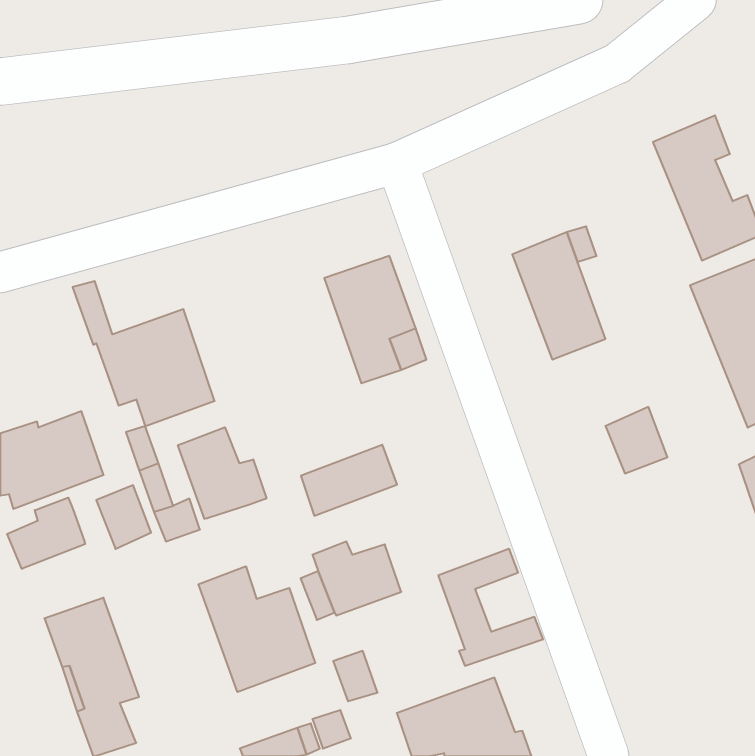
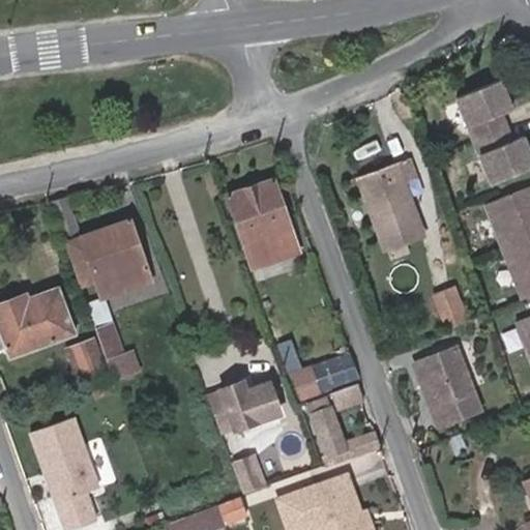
building: [178,427,266,519] -> none
building: [301,445,397,516] -> [293,351,360,401]
building: none -> [416,348,480,424]
building: [7,498,85,569] -> none
building: [198,566,315,692] -> none

